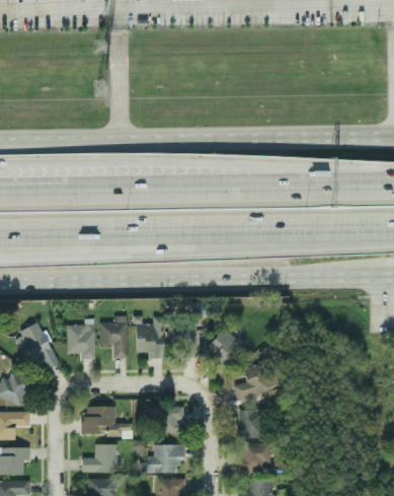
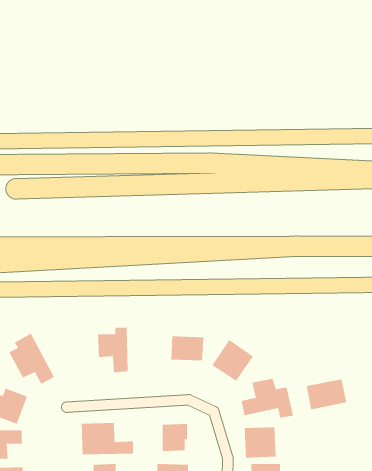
building: [135,316,164,358] -> none
building: [66,320,95,360] -> none
building: none -> [306,378,347,410]

